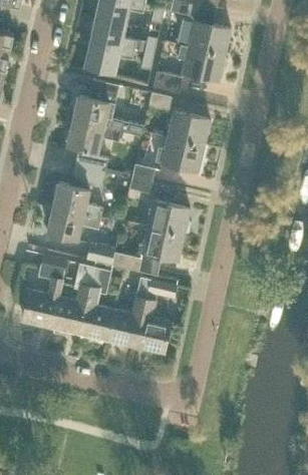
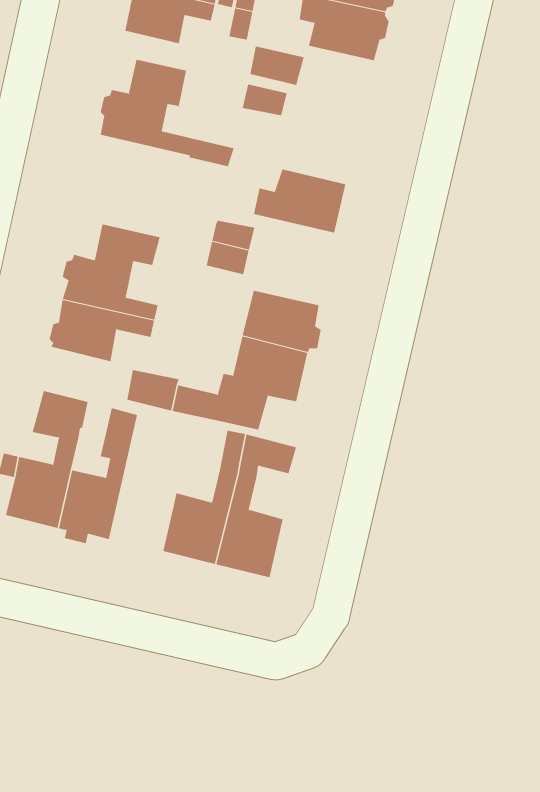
building: [169,111,209,145] -> none
building: [65,119,119,173] -> none
building: [77,268,112,340] -> none

